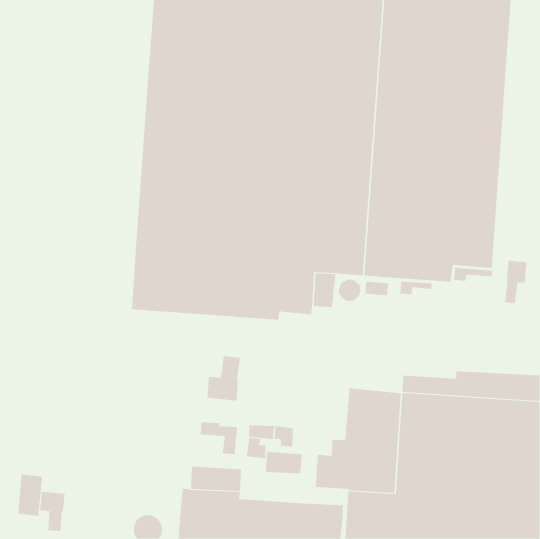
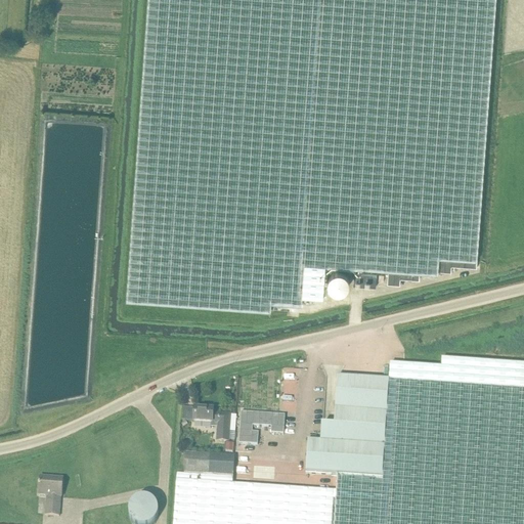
building: [505,260,527,304] -> none
building: [207,355,240,402] -> none
building: [265,451,302,474] -> none
building: [18,473,43,517] -> none

